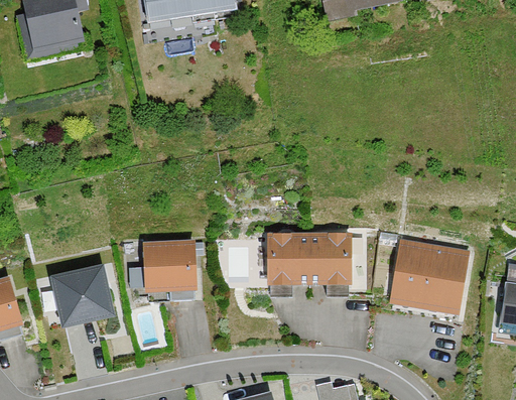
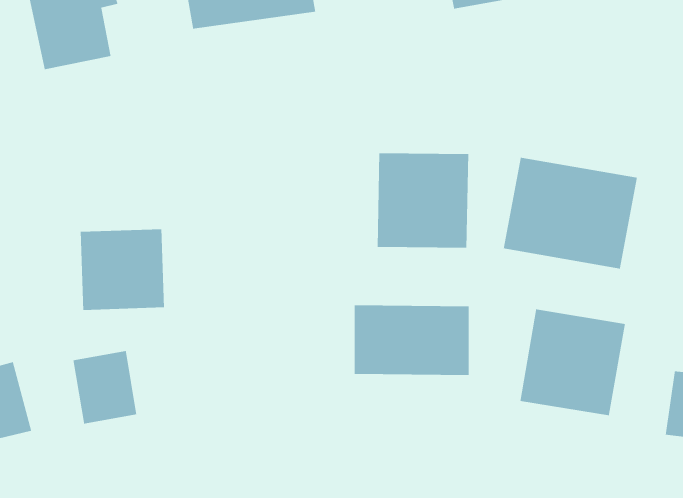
building: none -> [377,153,469,249]
building: none -> [503,157,638,269]
building: [138,239,202,300] -> [80,229,165,311]

